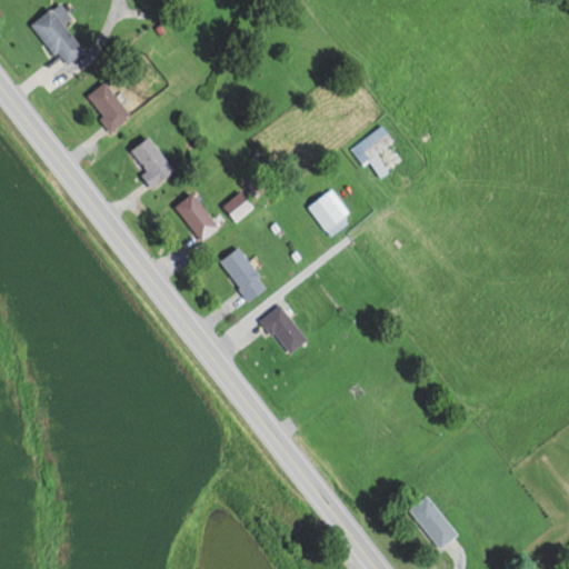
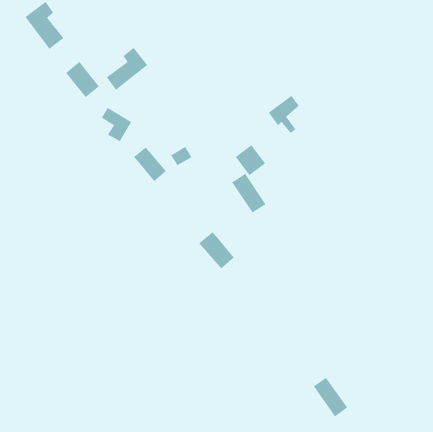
building: none -> [106,47,148,91]
building: [220,248,267,301] -> [231,173,267,214]

